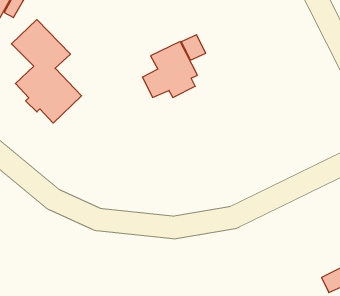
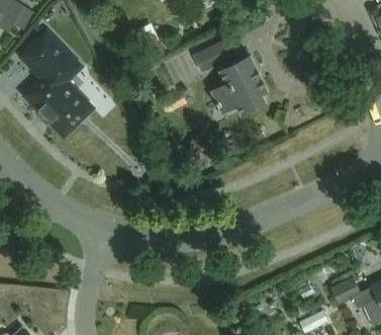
building: [142,42,197,97] -> [212,57,267,112]

